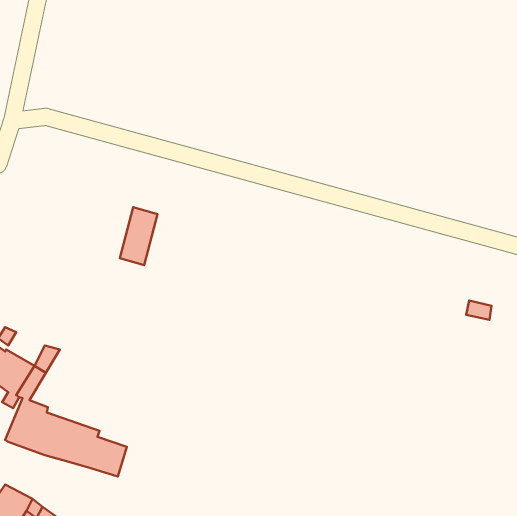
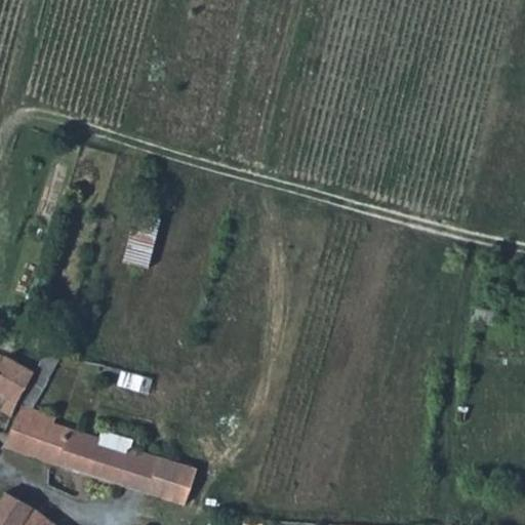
building: none -> [119,447,195,506]

